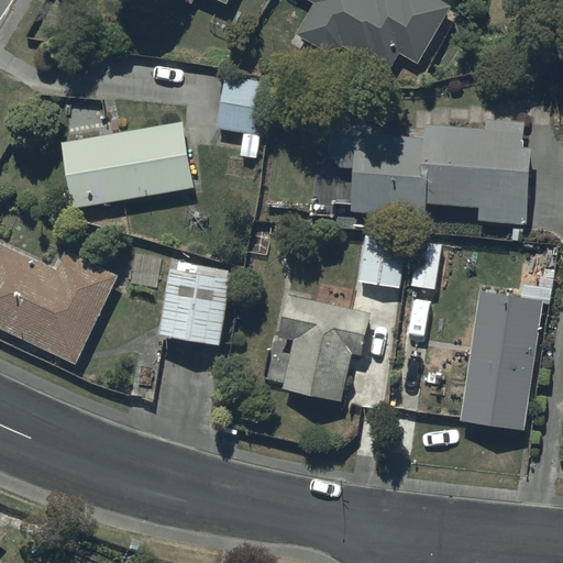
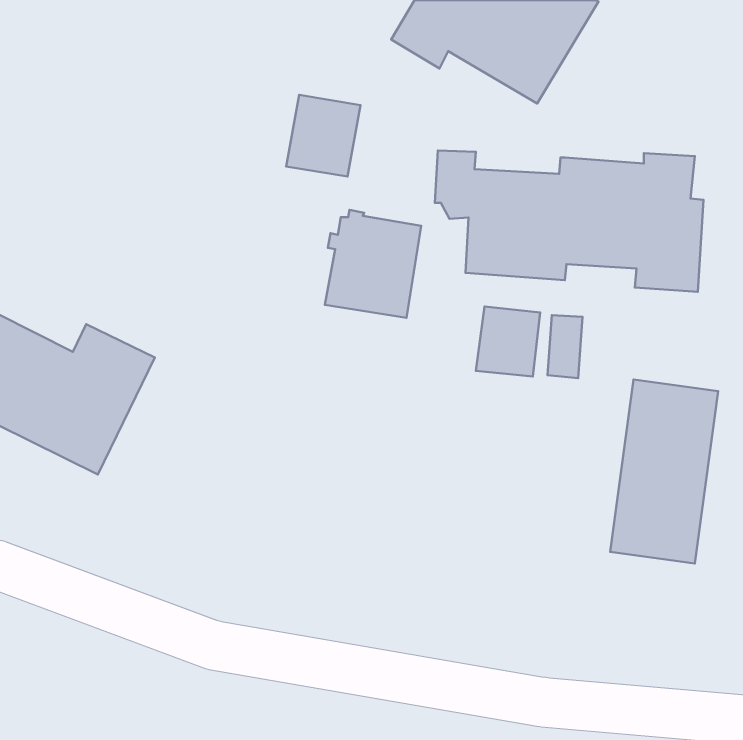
building: [62,121,192,208] -> none
building: [158,261,231,342] -> [325,210,421,318]
building: [263,285,369,401] -> none

